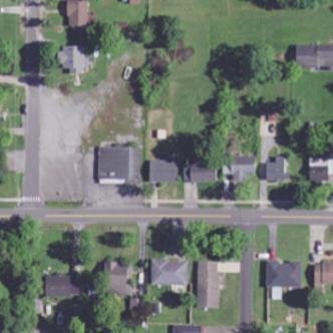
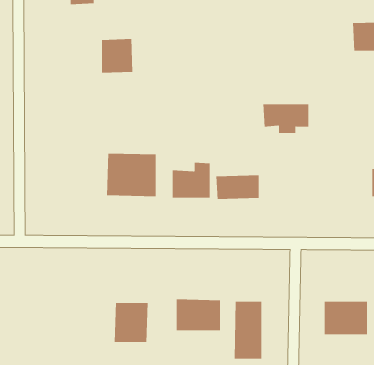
building: [64,45,89,72] -> [101,39,133,73]
building: [222,156,258,180] -> [263,104,309,134]
building: [266,156,290,182] -> none
building: [49,276,82,298] -> none

